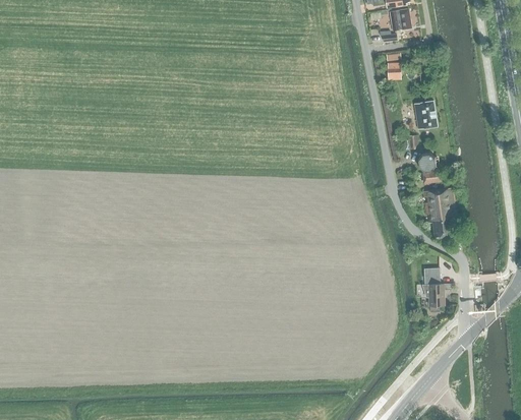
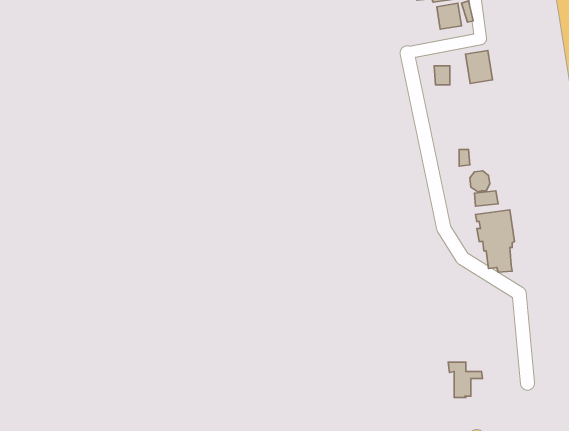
building: [413,99,437,127] -> [465,50,493,84]
building: [423,274,453,304] -> [448,362,483,397]

